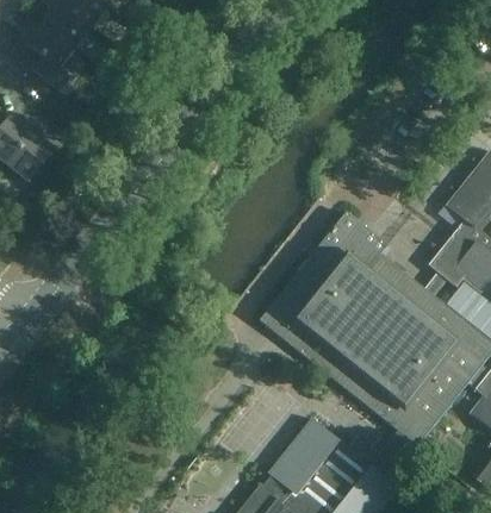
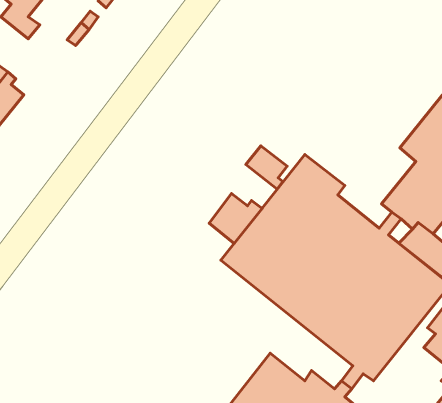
building: none -> [246,146,287,189]
building: none -> [209,194,262,243]

